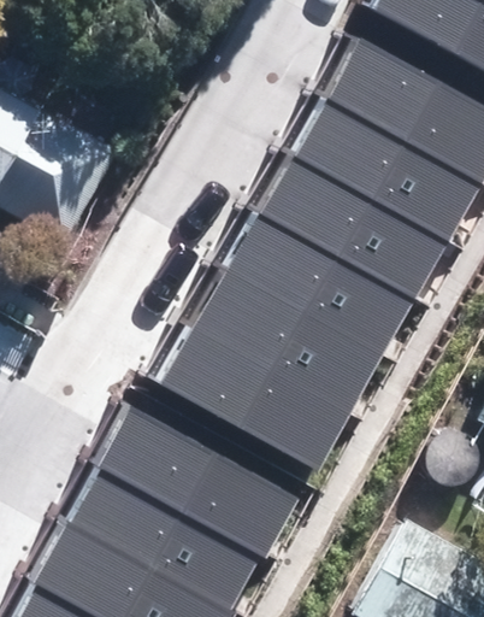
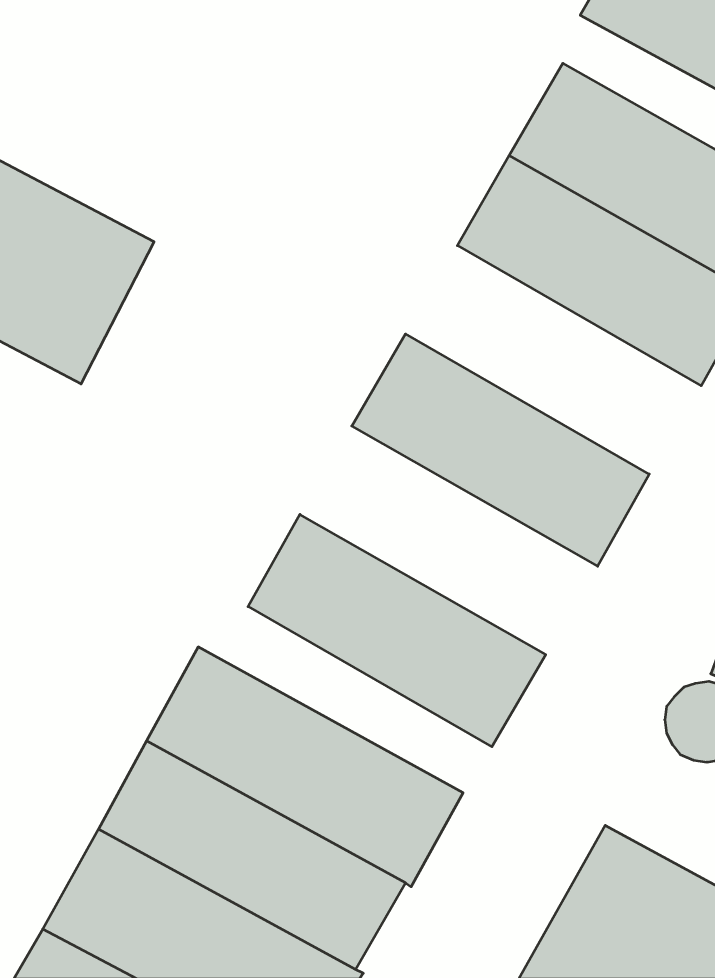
building: [264,154,449,298] -> none
building: [197,268,384,411] -> none

